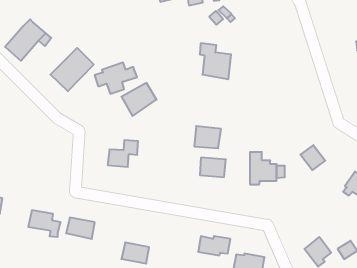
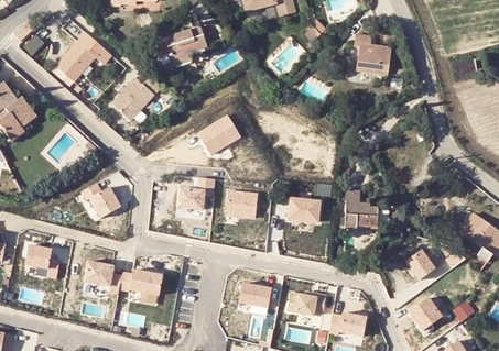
building: [200,43,231,79] -> [354,34,391,77]
building: [95,62,137,94] -> [156,30,207,67]
building: [194,126,221,148] -> [226,191,258,218]
building: none -> [82,184,120,219]
building: [300,145,325,170] -> [409,246,438,276]
building: [121,242,149,264] -> [238,283,271,308]

